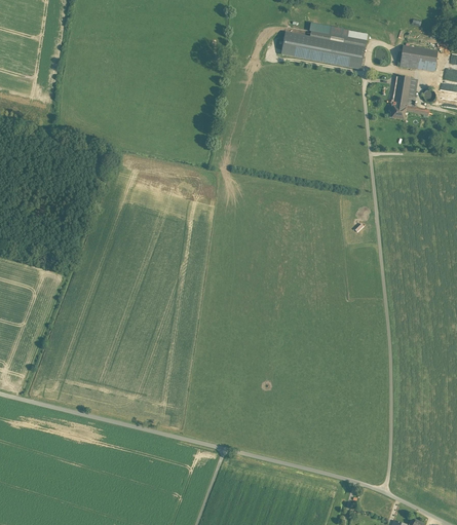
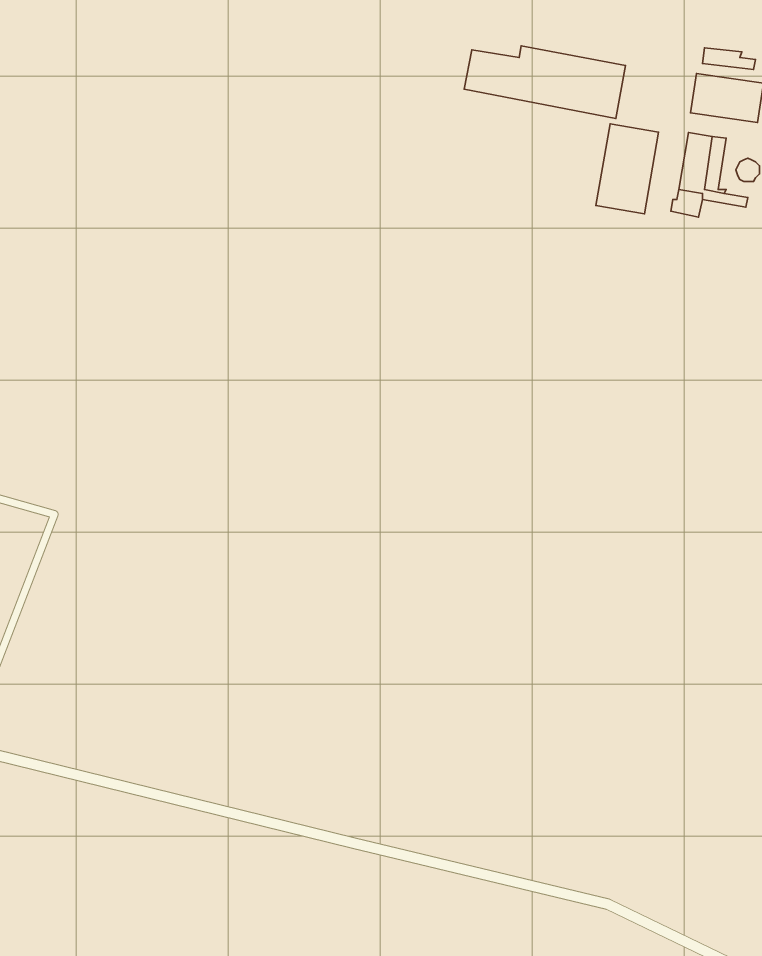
building: none -> [596,124,659,214]

